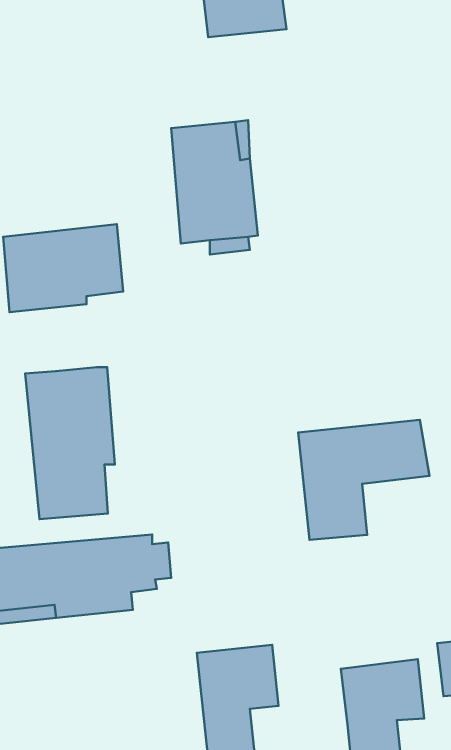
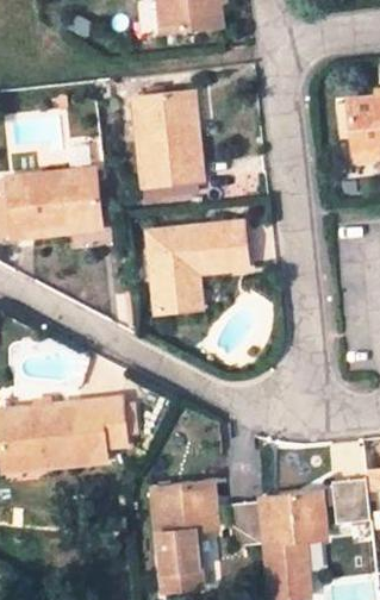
building: [25,367,115,519] -> none
building: [298,420,429,540] -> [150,223,248,312]
building: none -> [230,501,267,545]

